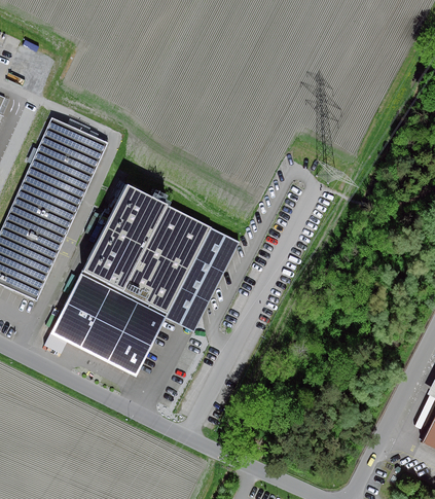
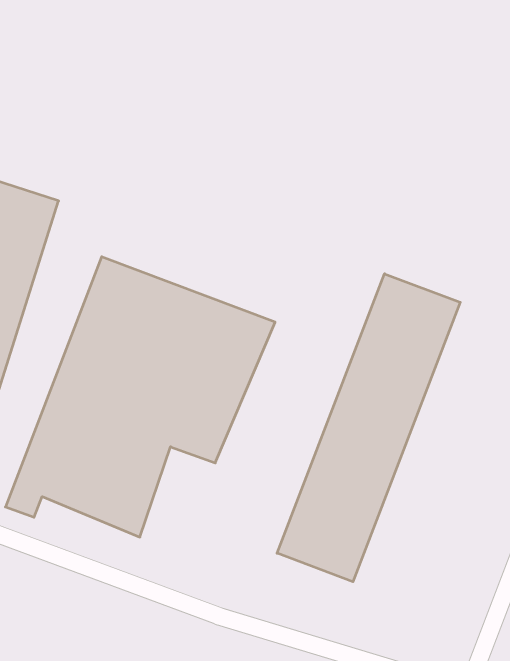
building: none -> [277,274,460,582]

